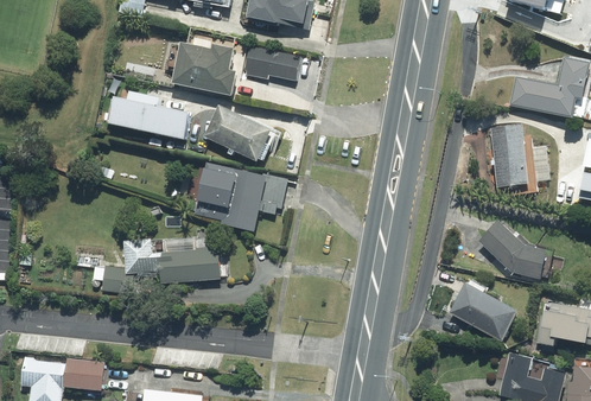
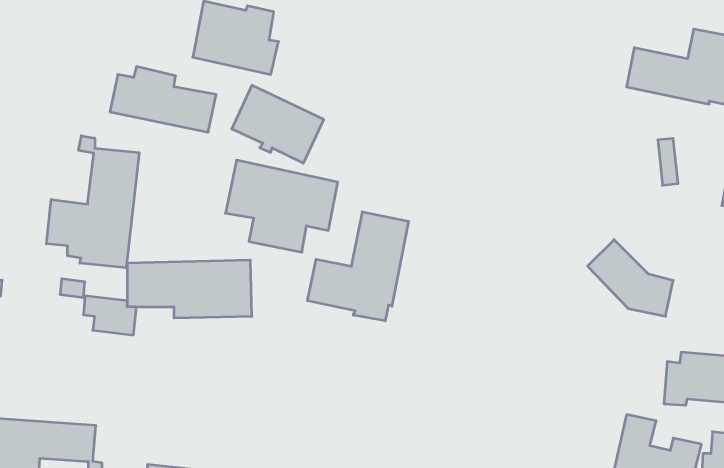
building: [243,45,303,79] -> none
building: [487,125,526,189] -> none
building: none -> [46,136,139,268]
building: none -> [307,212,409,321]
building: [441,279,514,342] -> none

